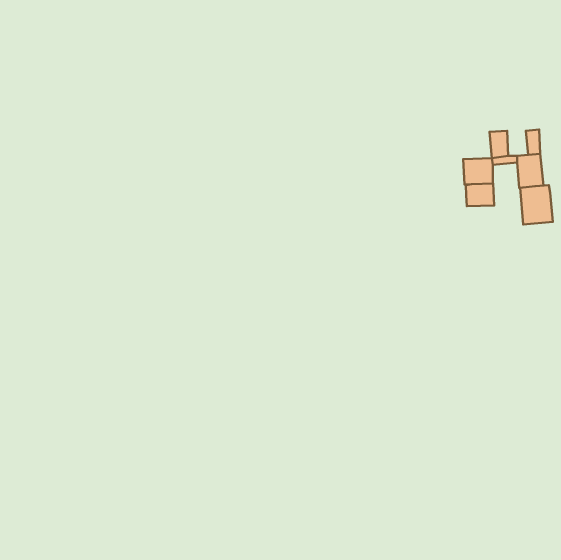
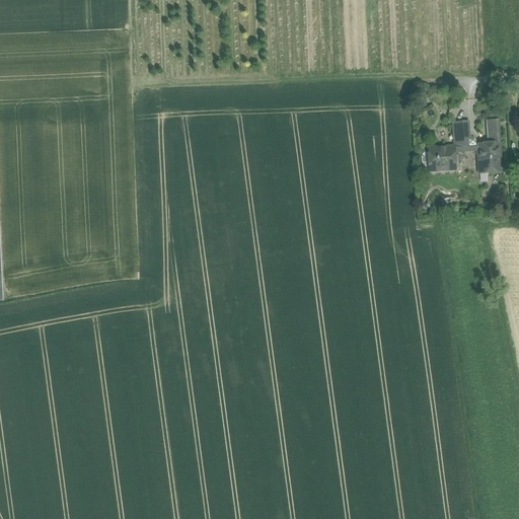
building: [466,183,494,206] -> none
building: [520,185,553,225] -> none

